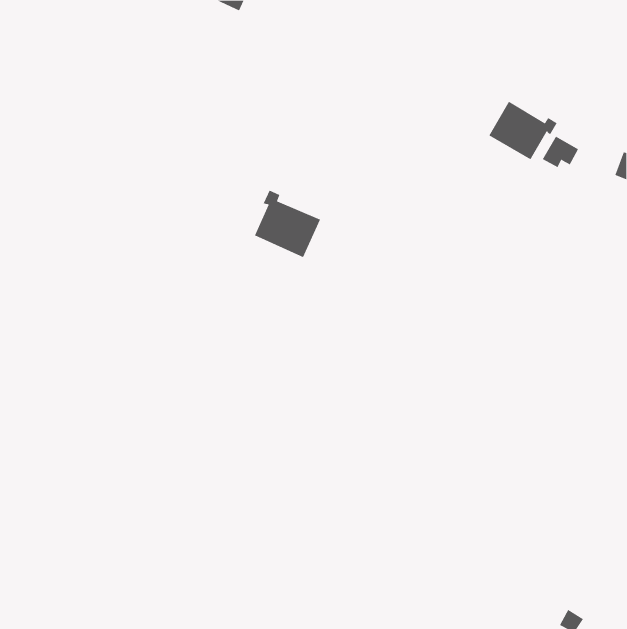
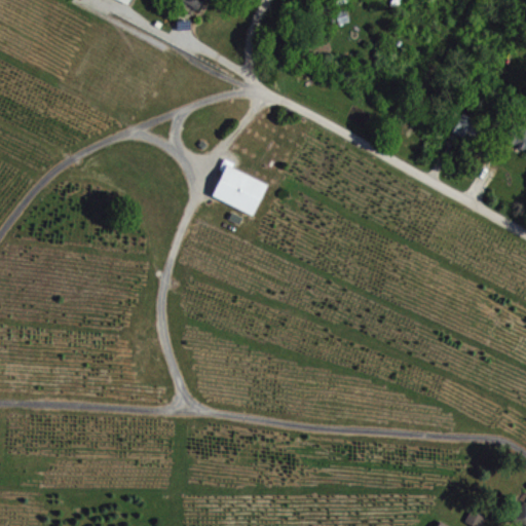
building: [488,101,557,160] -> none

